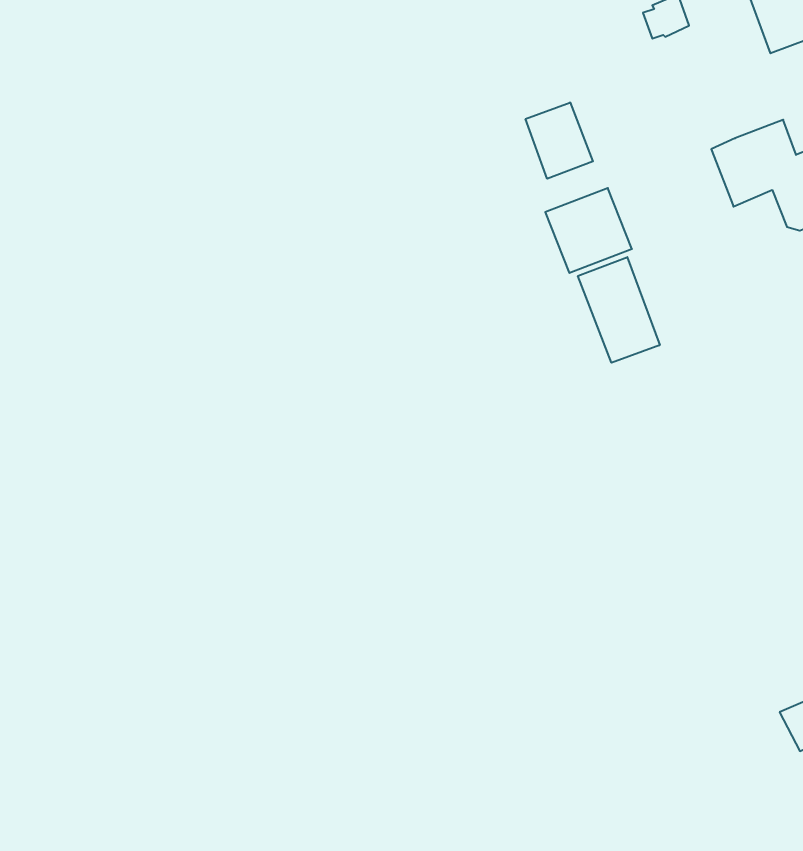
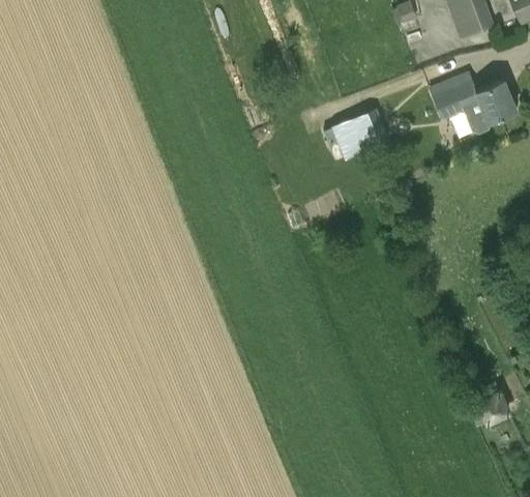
building: [526,102,593,179] -> none
building: [578,257,660,363] -> none

